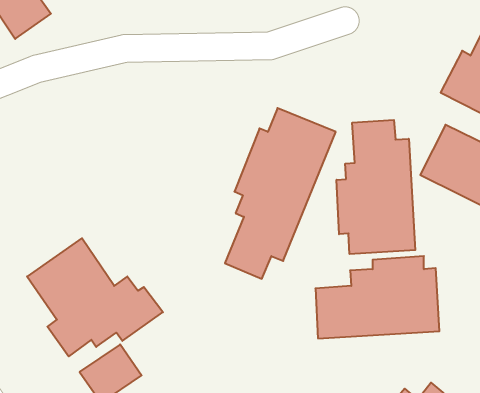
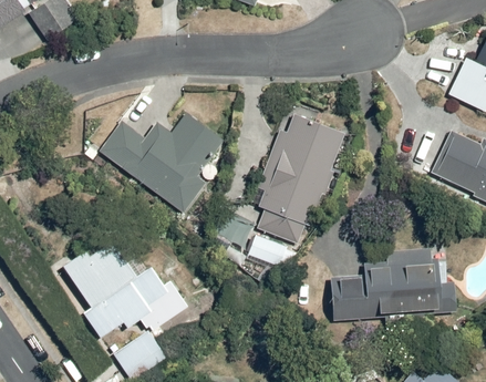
building: none -> [99,113,224,214]
building: [337,120,415,254] -> none

